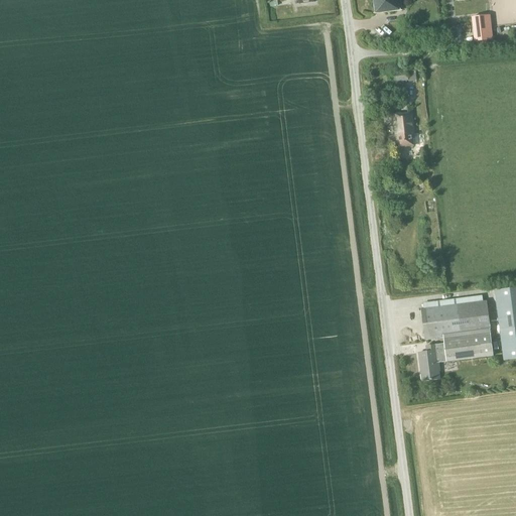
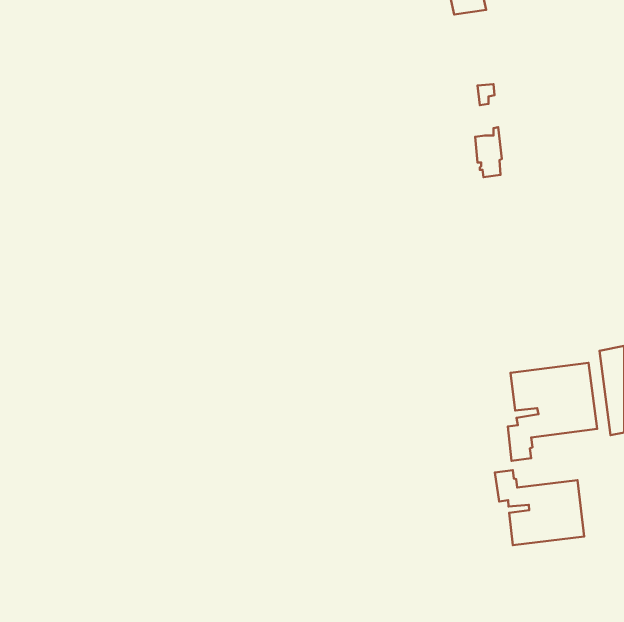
building: [472,14,493,40] -> none
building: none -> [495,470,584,545]

